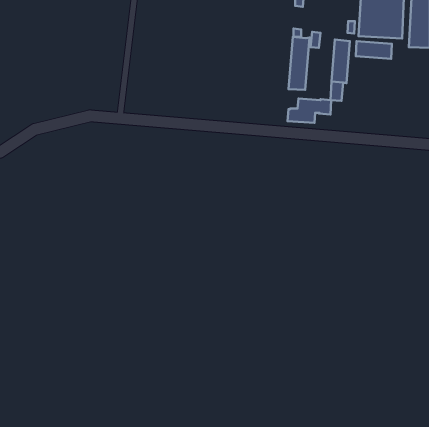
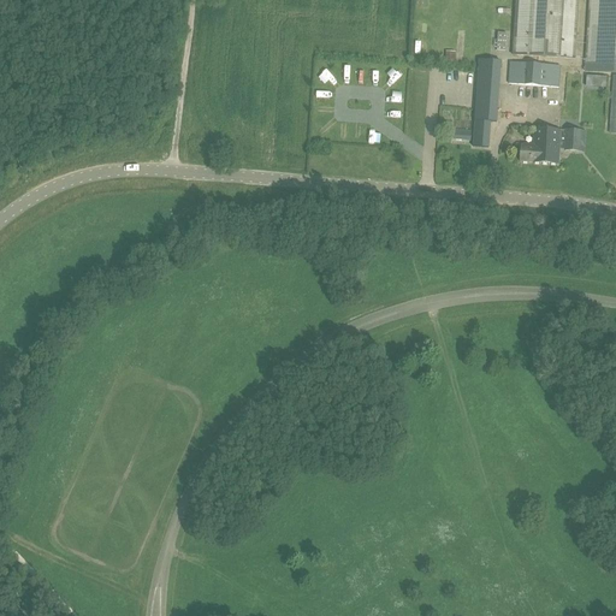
building: [289,37,309,90] -> none
building: [288,98,331,123] -> [521,126,584,161]

